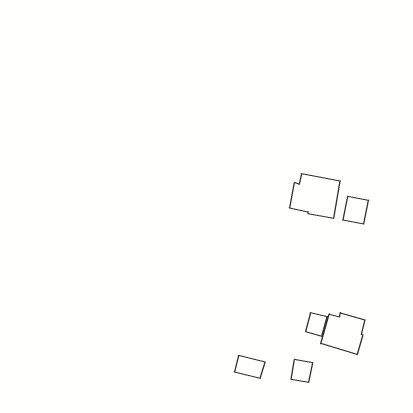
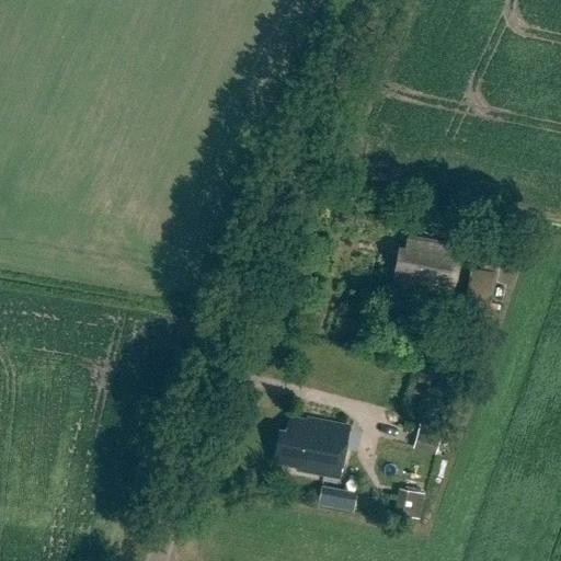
building: none -> [274,419,348,477]
building: [321,313,365,355] -> none

